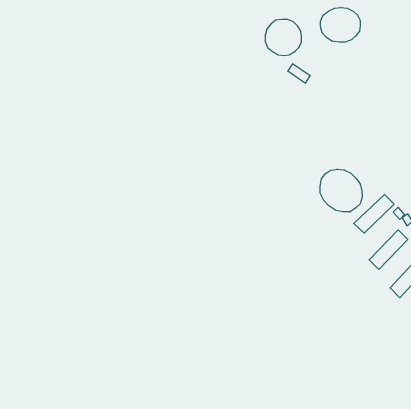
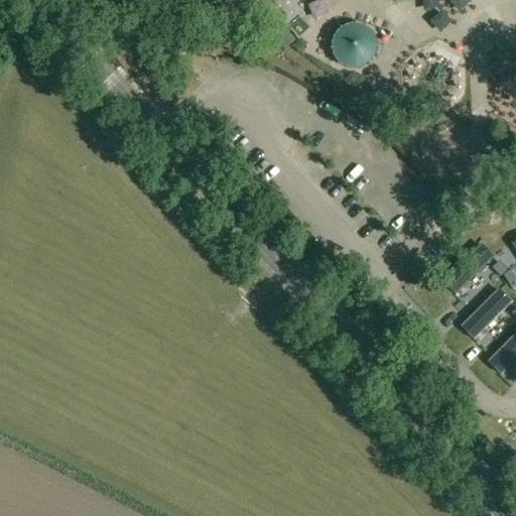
building: [320,7,360,42] -> none
building: [320,169,362,212] -> none

